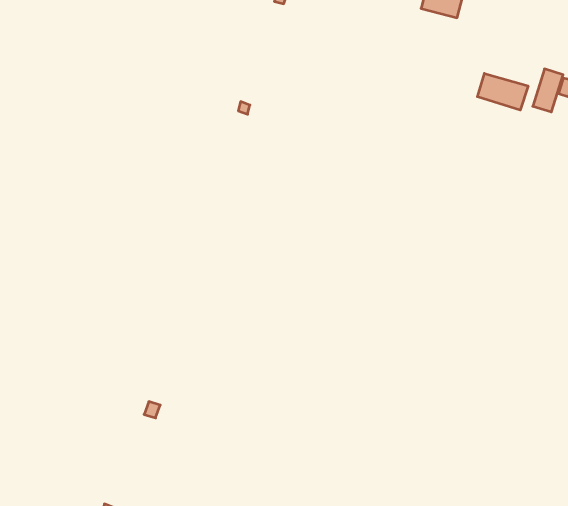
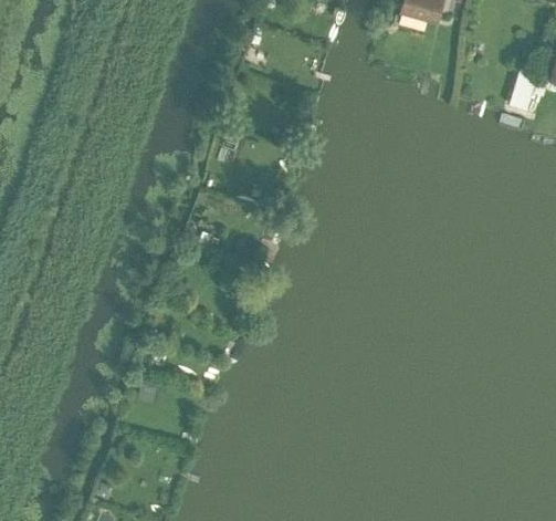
building: [477,73,528,110] -> none

